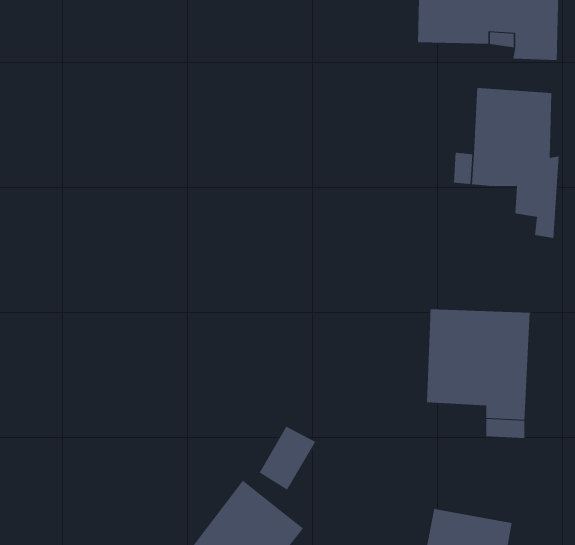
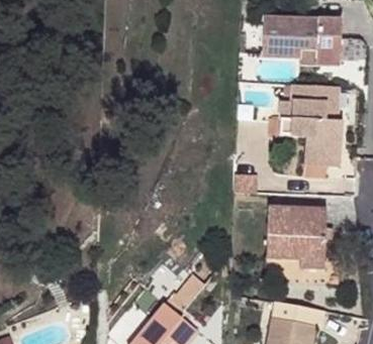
building: none -> [302,137,329,180]

